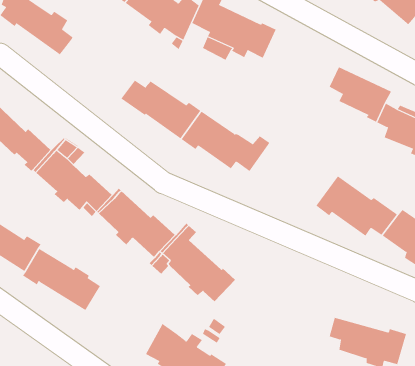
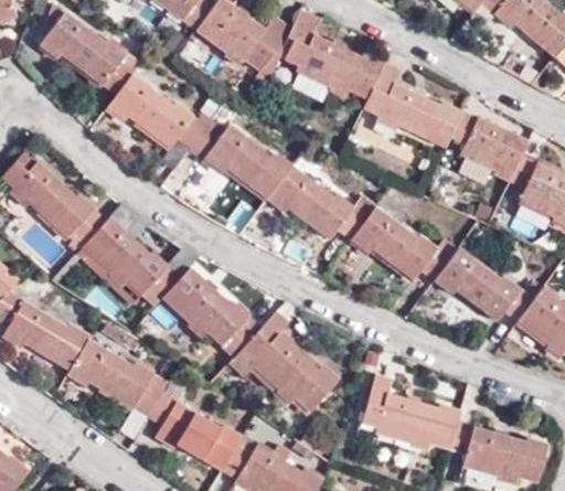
building: none -> [366,65,462,148]
building: none -> [107,78,209,151]
building: none -> [352,210,460,285]
building: none -> [363,376,459,451]
building: none -> [148,392,242,470]

